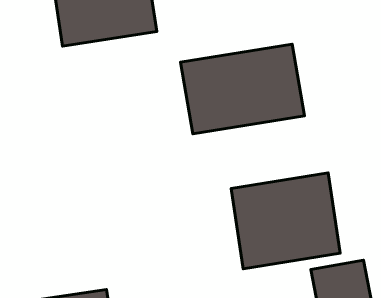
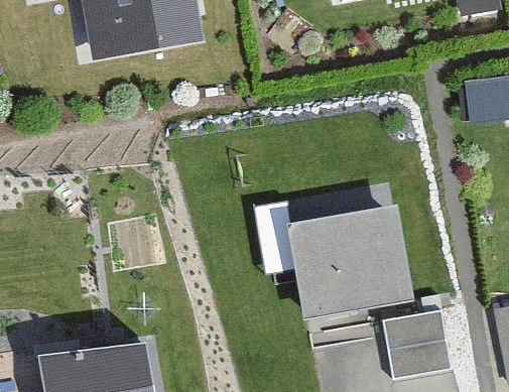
building: [181,44,305,134] -> none

